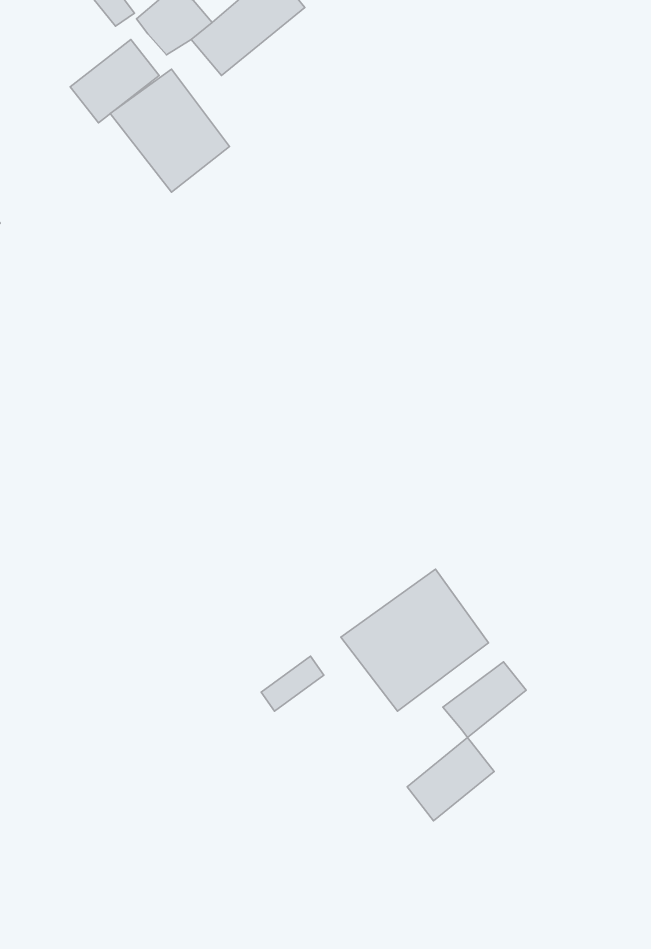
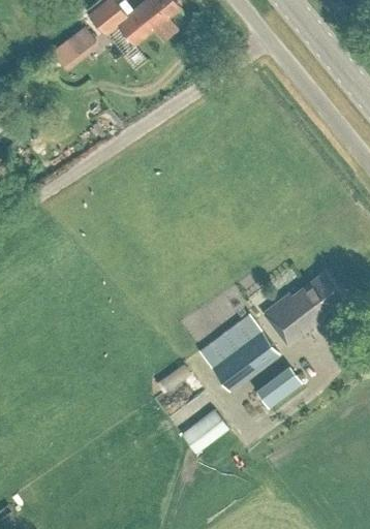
building: [110,69,230,192] -> none
building: none -> [261,270,345,345]
building: [407,738,494,821] -> [181,408,228,454]

